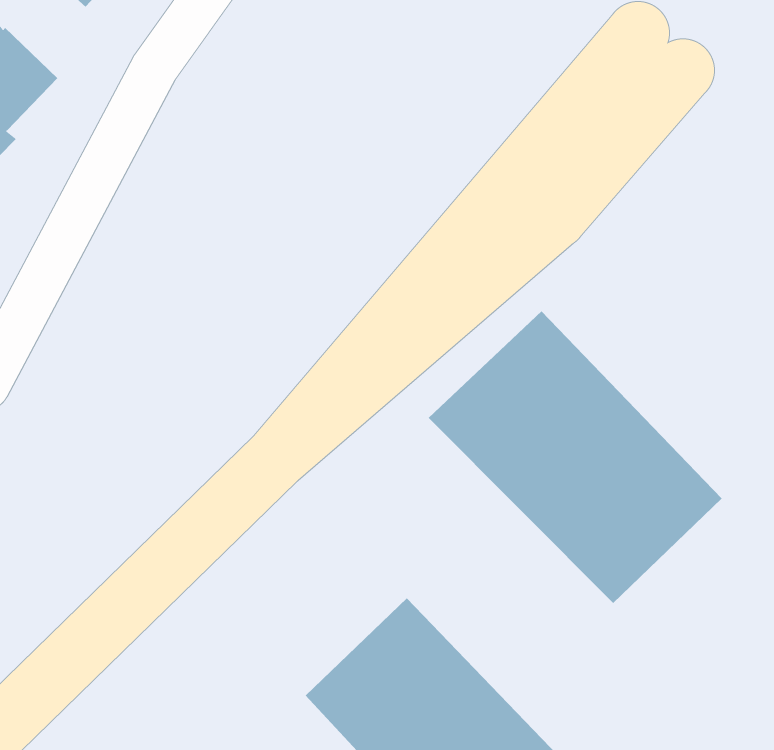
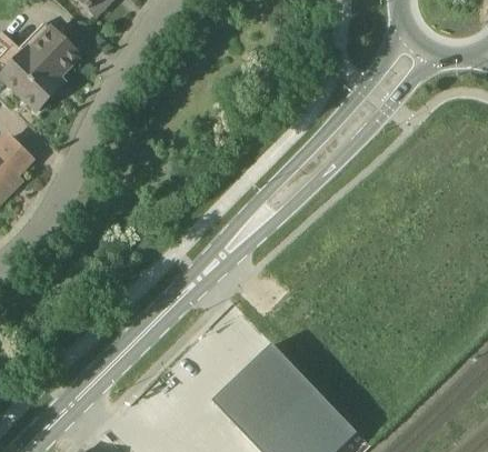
building: [428,311,722,604] -> none

